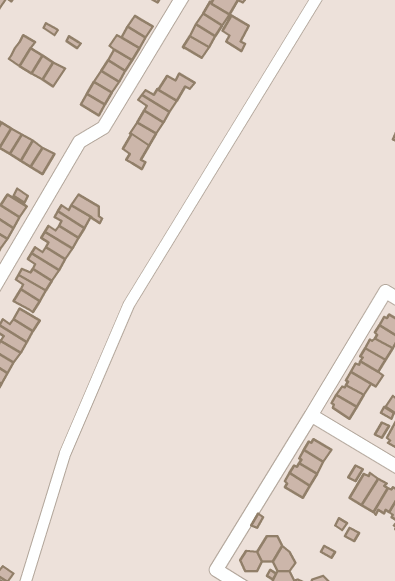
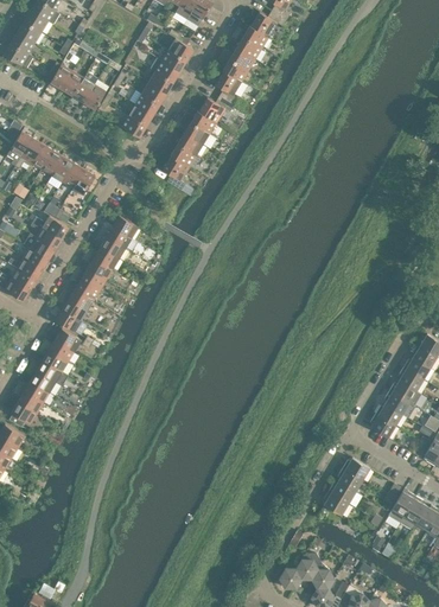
building: [222,15,249,51] -> [216,70,242,106]

